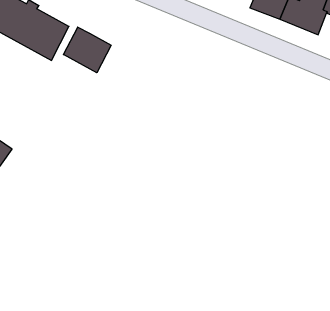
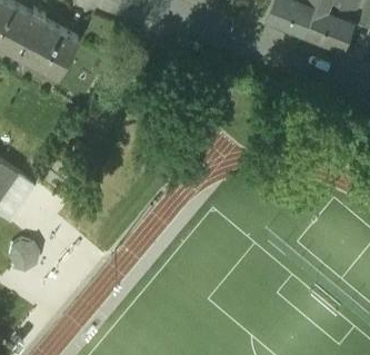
building: [63,27,111,73] -> none

